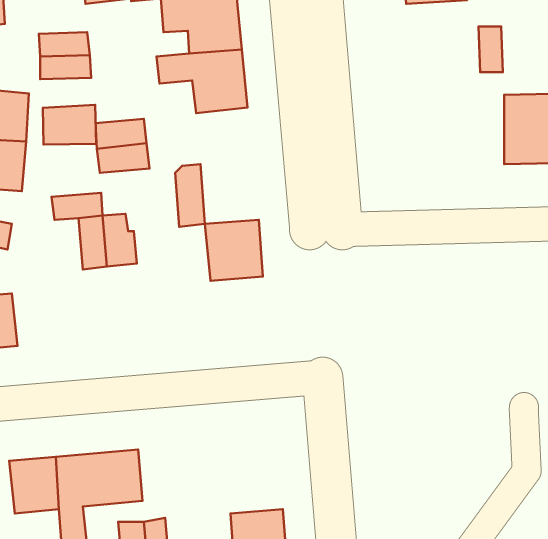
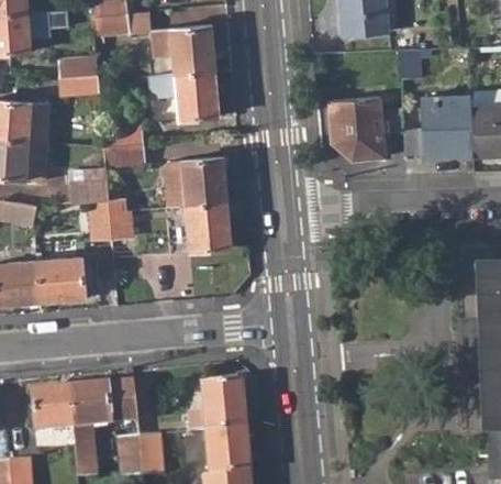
building: none -> [325,99,379,162]
building: [43,105,96,145] -> none
building: none -> [182,156,227,206]
building: none -> [36,255,85,300]
building: none -> [188,380,246,431]

